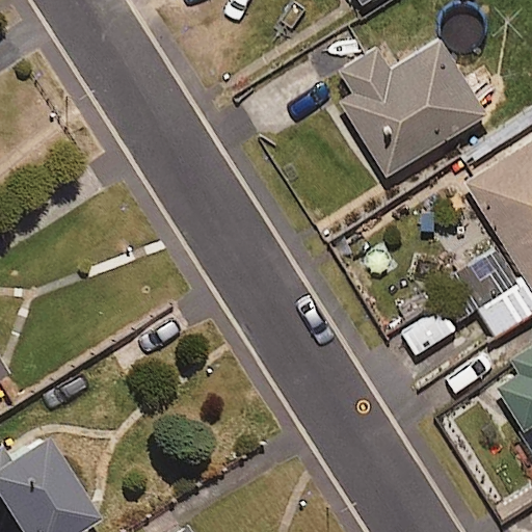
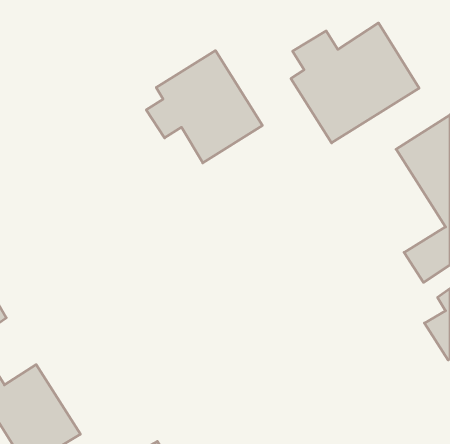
building: none -> [146,51,262,163]

